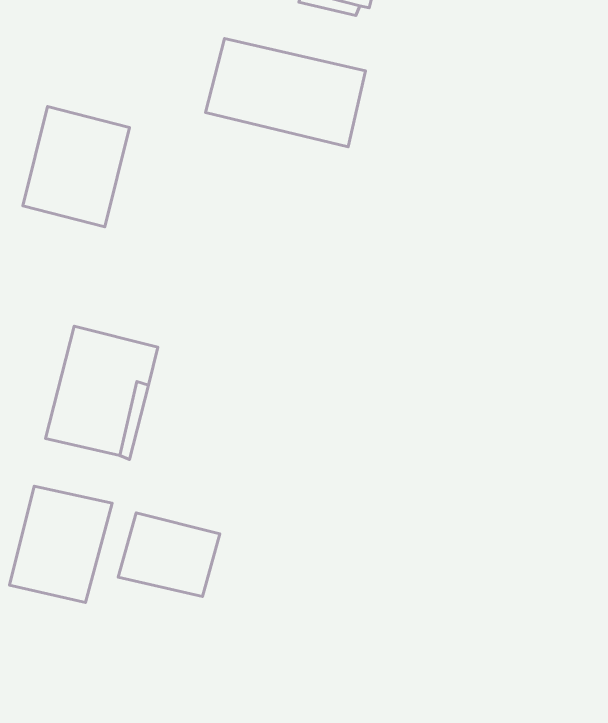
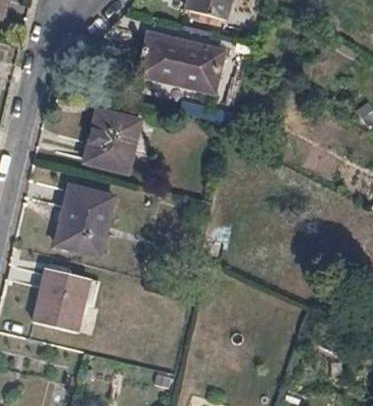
building: [23,107,129,227] -> [85,109,141,172]
building: [118,513,220,597] -> none

